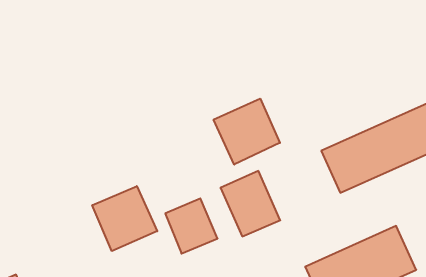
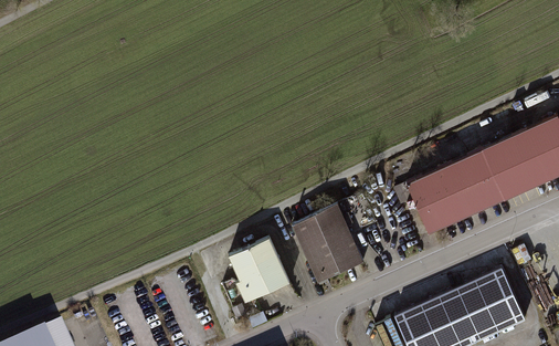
building: [214,99,280,165] -> none
building: [92,186,157,251] -> none

